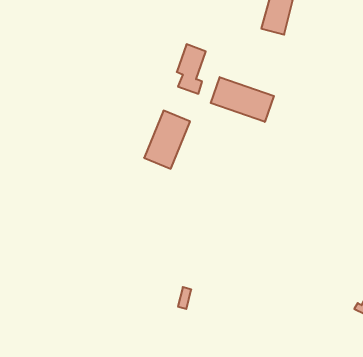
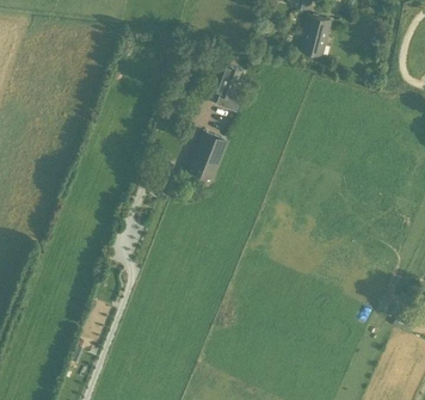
building: [211,77,274,122] -> none

